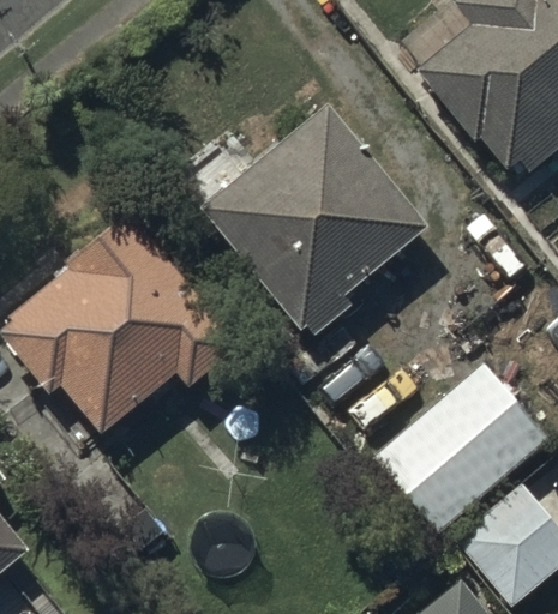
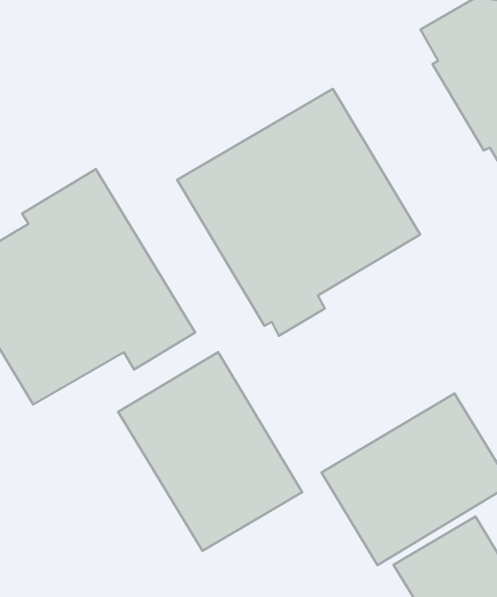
building: none -> [118,352,302,551]

